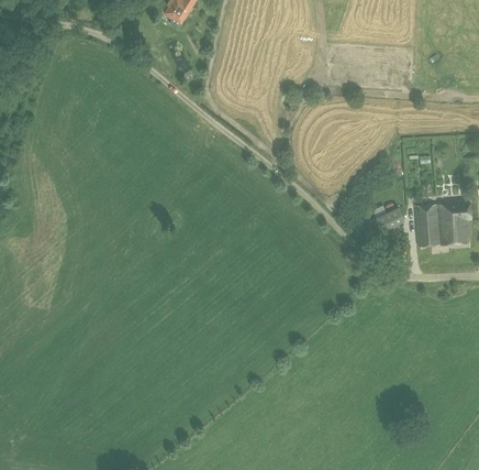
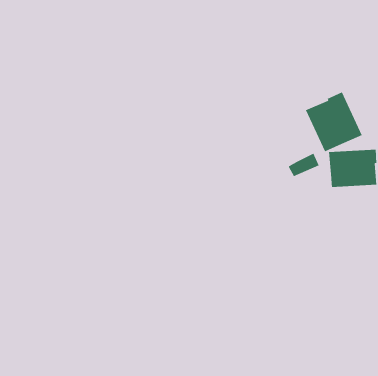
building: none -> [305,91,363,152]

